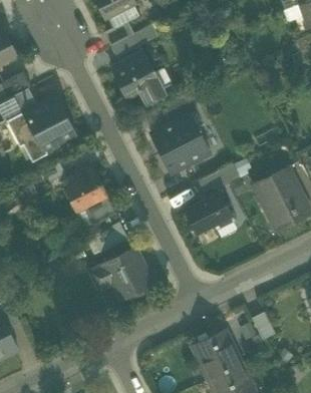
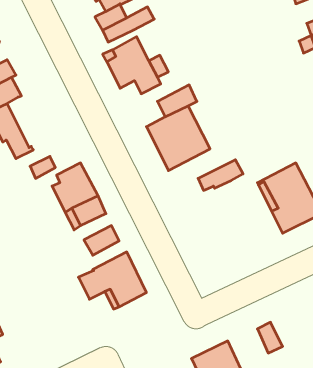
building: [24,98,74,152] -> none
building: [185,192,234,234] -> none

